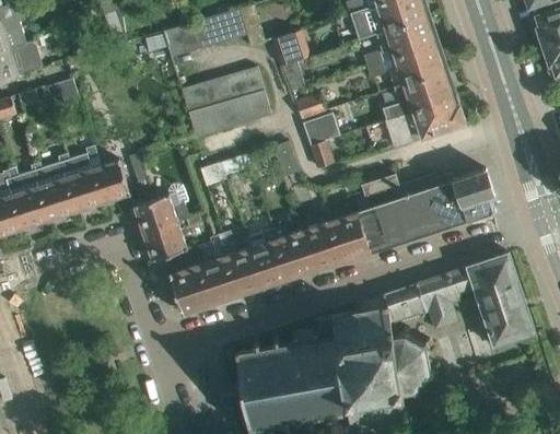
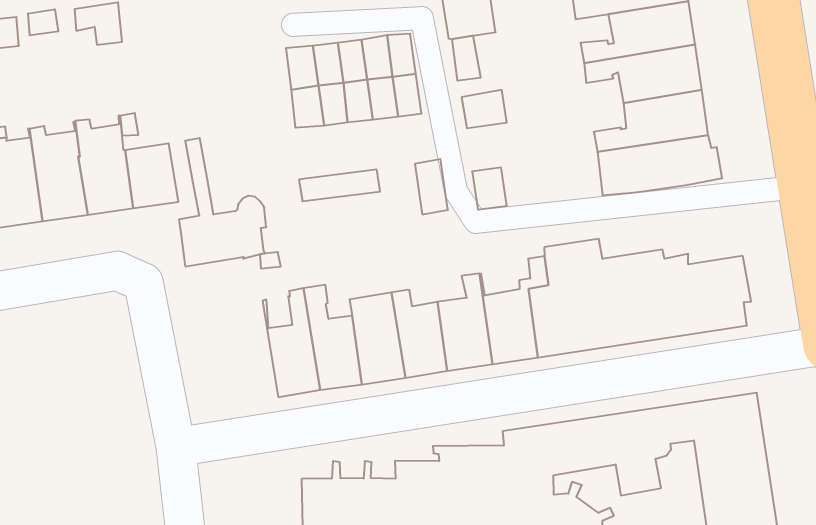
building: [303,115,338,145] -> none
building: [142,222,186,261] -> none
building: [168,263,213,315] -> none

